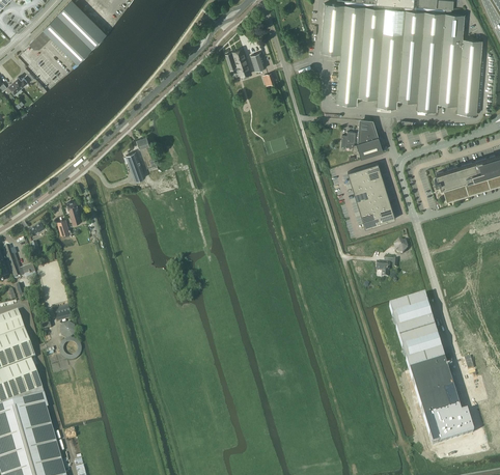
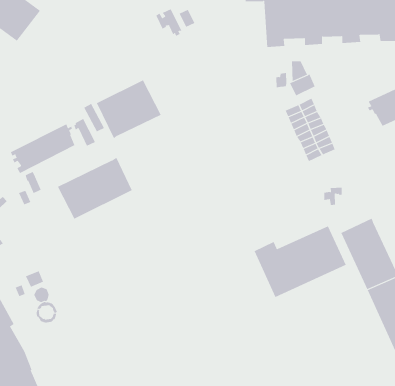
building: none -> [96,80,161,139]
building: none -> [10,123,75,174]
building: none -> [57,157,133,219]
building: none -> [254,226,346,298]

